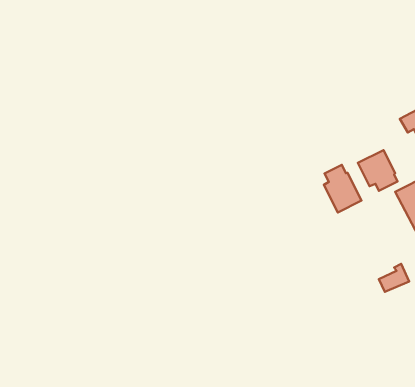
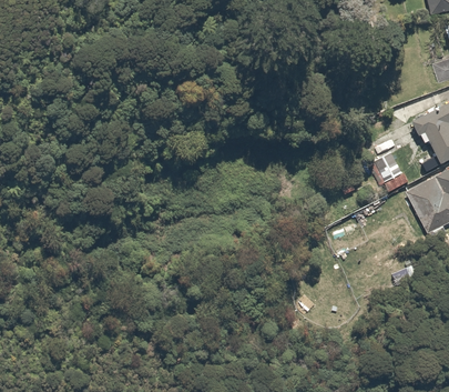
building: [324,165,361,212] -> none

